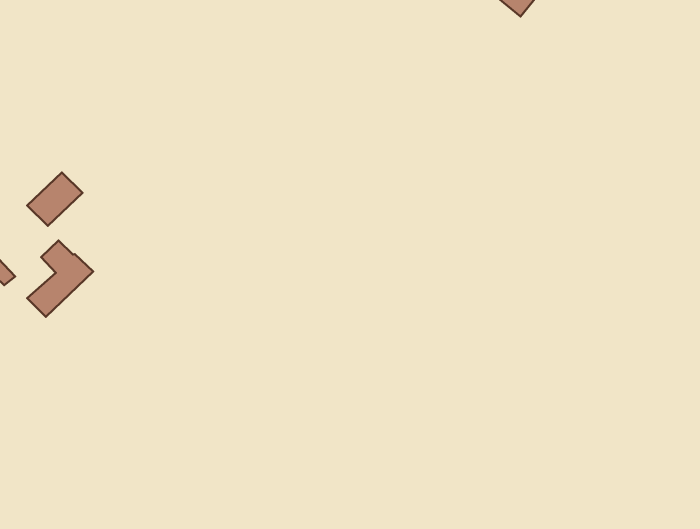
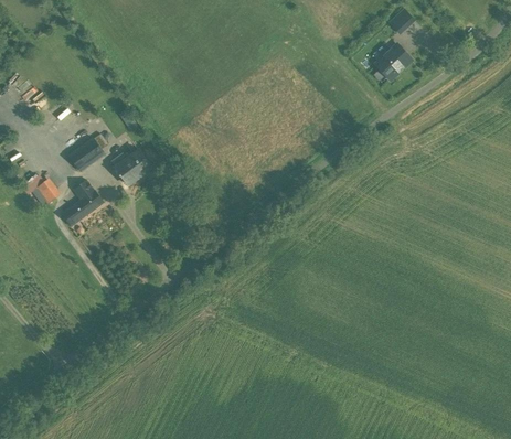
building: none -> [111,150,152,184]

